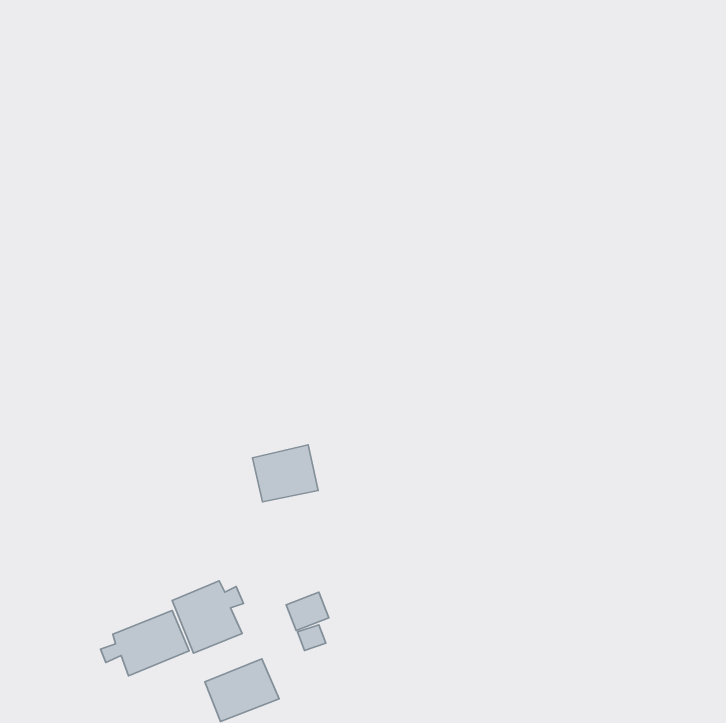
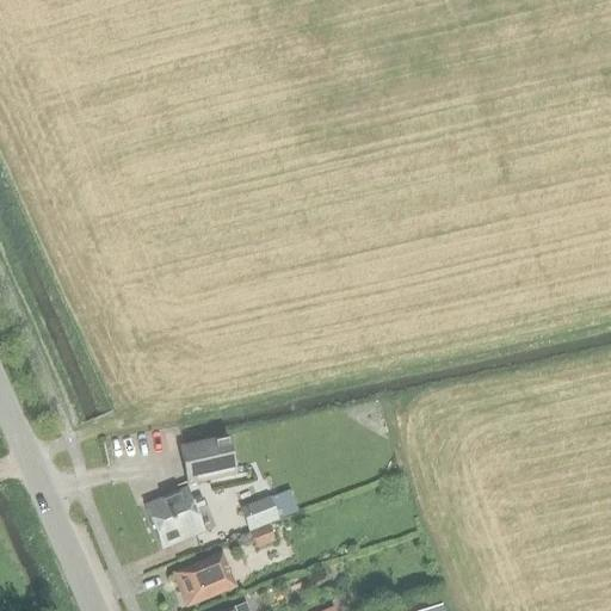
building: [253,445,318,502] -> [180,434,235,482]
building: [101,610,189,676] -> none

